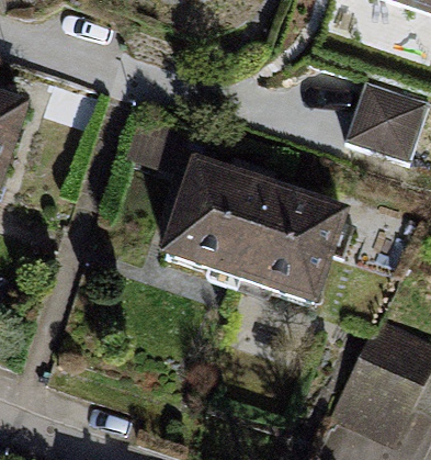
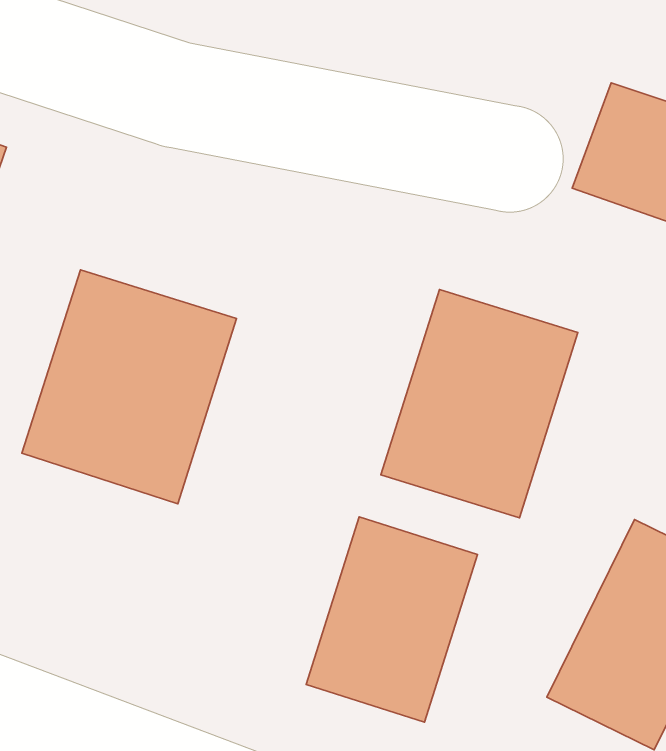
building: [155,156,275,288] -> [22,270,236,504]
building: none -> [306,517,477,722]

